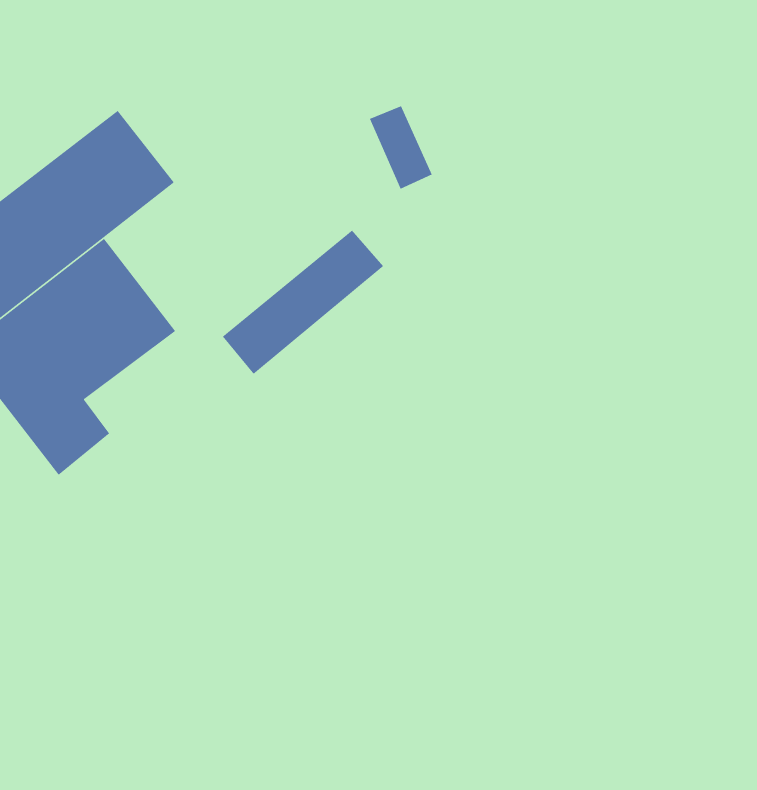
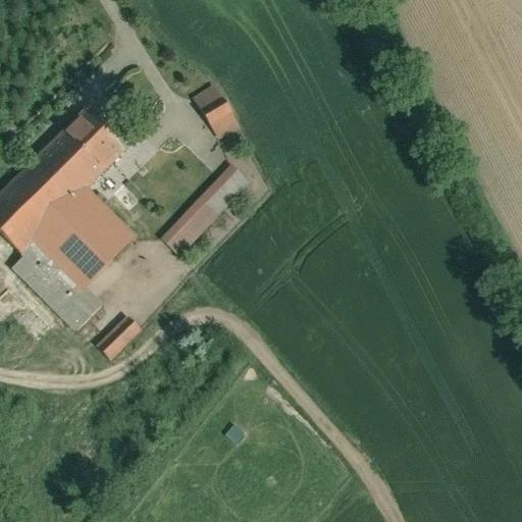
building: [369,105,433,190] -> [195,85,237,135]
building: none -> [94,314,139,359]

